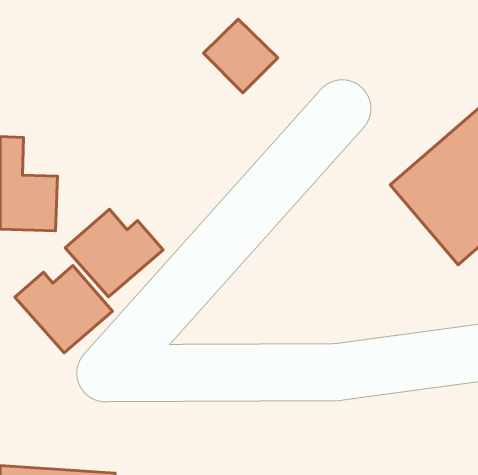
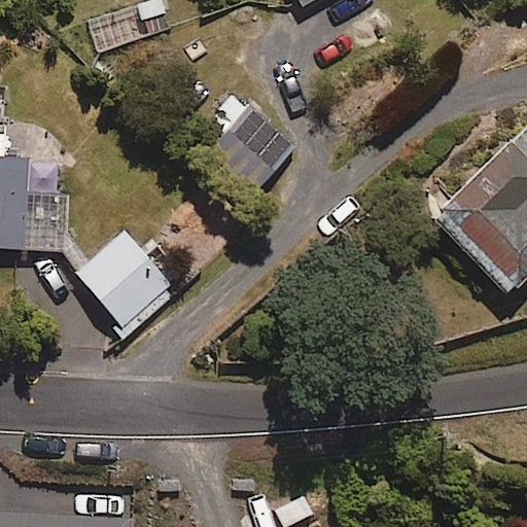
building: [203,19,278,93] -> [212,109,293,189]
building: [15,266,113,353] -> none

